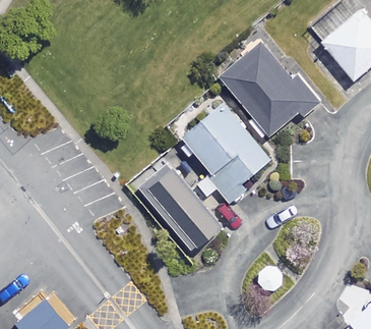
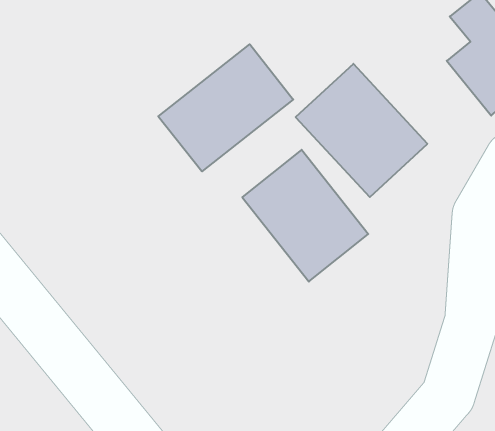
building: none -> [158,44,293,171]
building: [139,166,222,254] -> none

